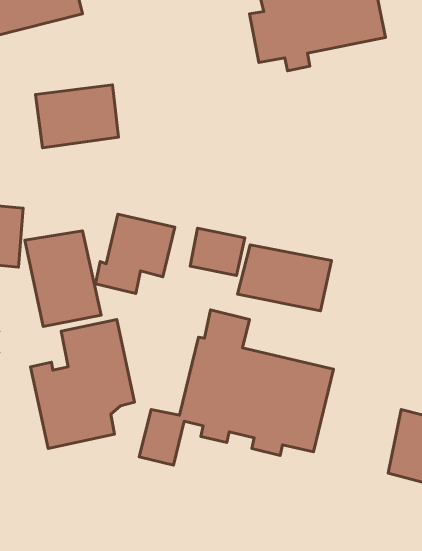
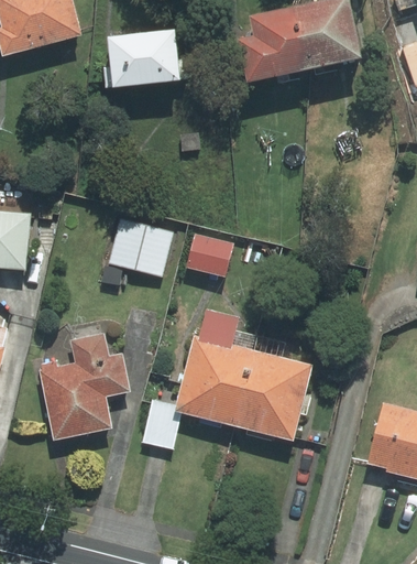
building: [35,85,118,148] -> [108,26,185,85]
building: [25,231,101,327] -> none
building: [238,245,331,311] -> none

